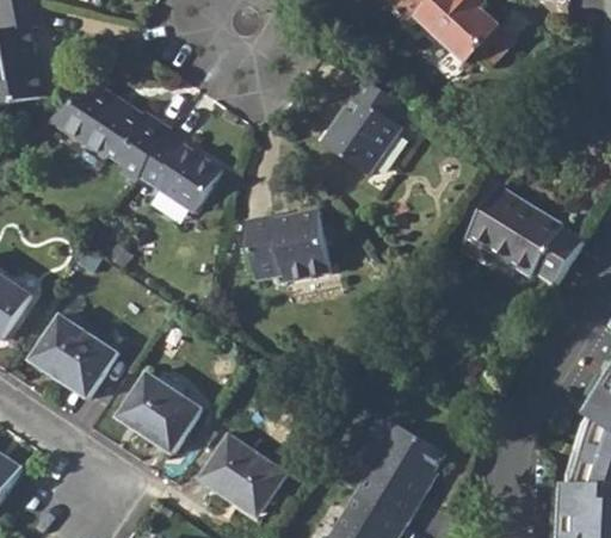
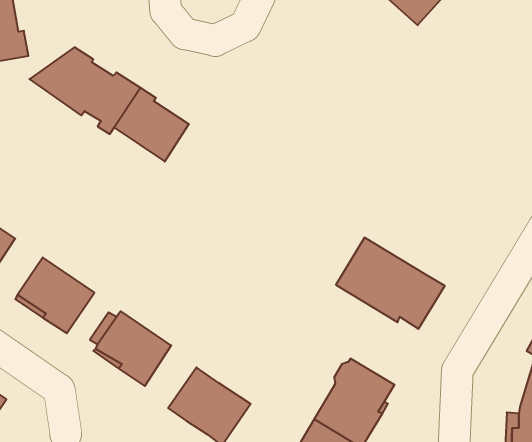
building: [322,79,408,179] -> none
building: [465,186,584,285] -> [336,238,445,329]
building: [243,211,328,282] -> none

